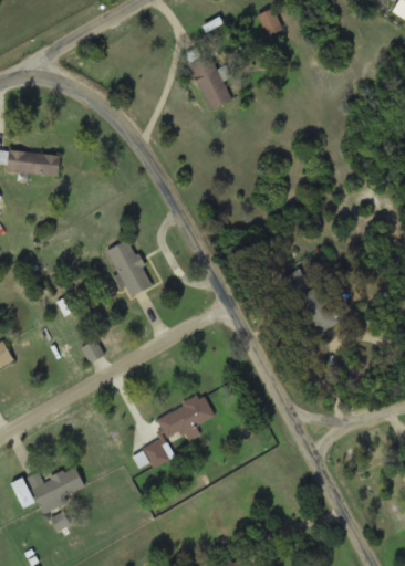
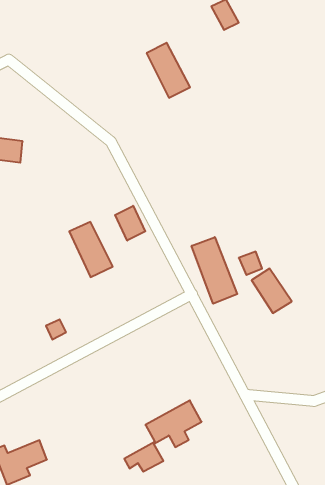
building: none -> [115,206,145,241]
building: none -> [192,237,237,304]
building: [134,395,215,469] -> [124,400,202,472]

